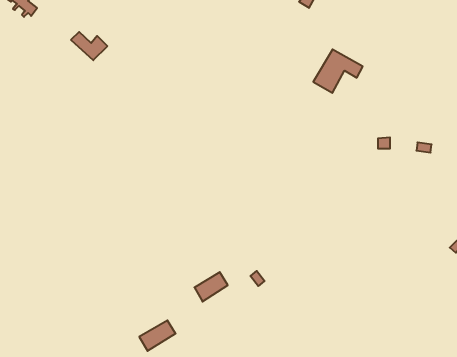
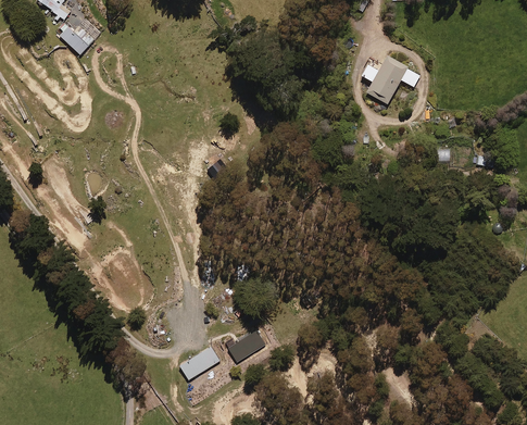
building: [71,32,107,60] -> [55,23,95,53]
building: [194,272,228,302] -> [228,330,264,362]

